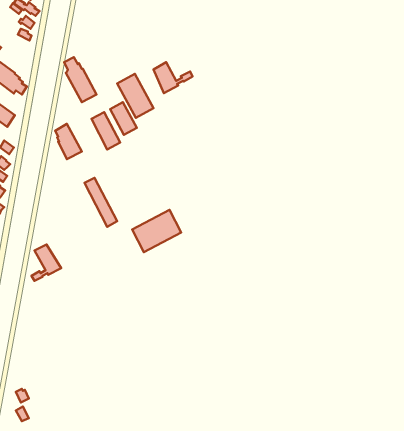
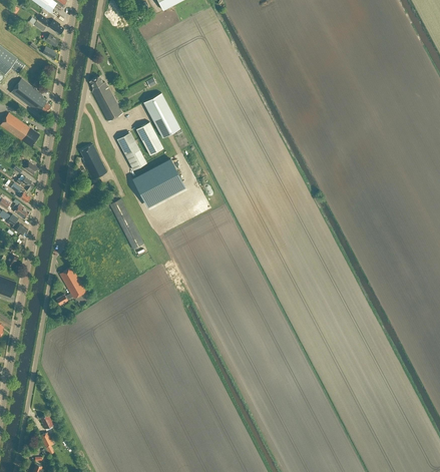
building: [153,62,192,93] -> none
building: [132,210,181,252] -> [132,158,182,201]

